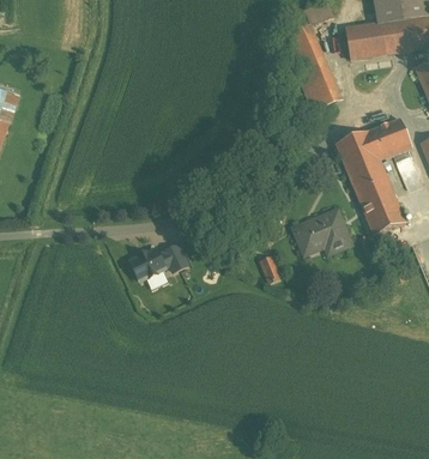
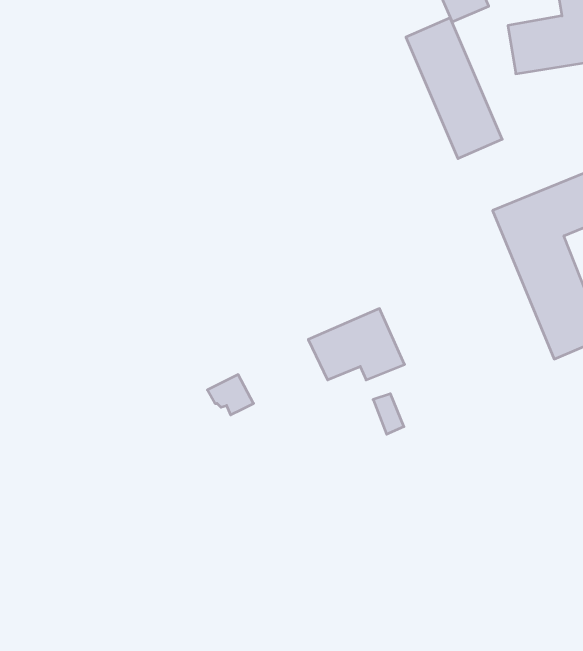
building: [292,210,352,254] -> [308,309,405,380]
building: [131,249,163,279] -> none

